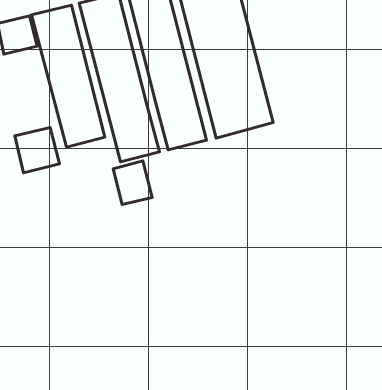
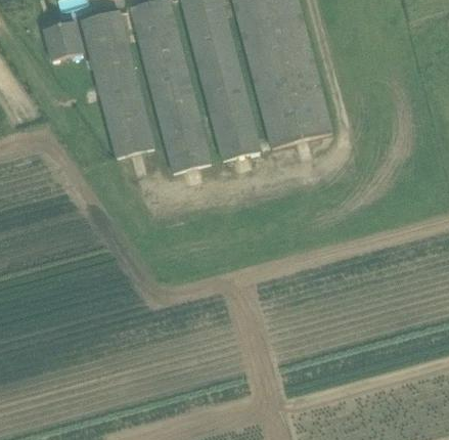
building: [15,127,59,173] -> none
building: [113,161,152,205] -> none

